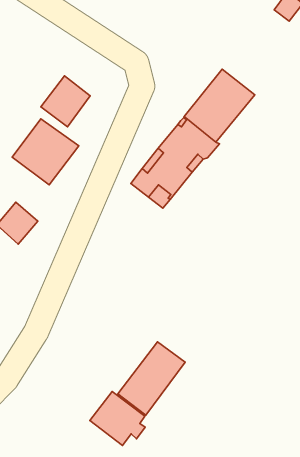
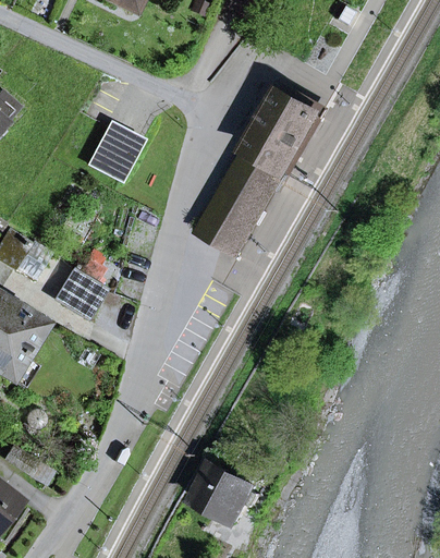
building: [12,119,79,185] -> none
building: [118,342,185,415] -> none

